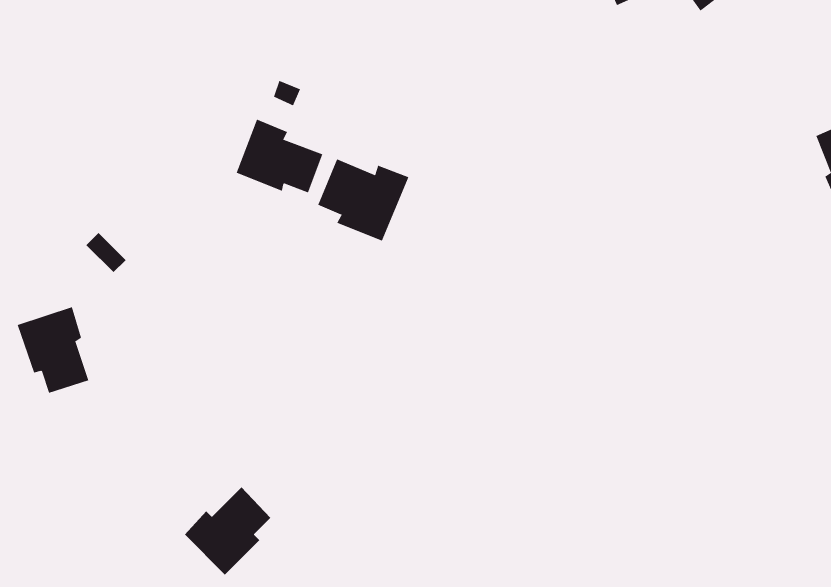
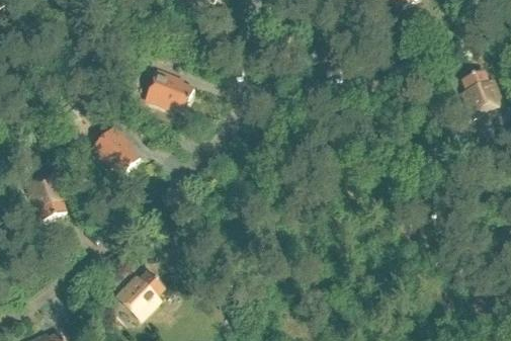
building: [317,158,409,242] -> none
building: none -> [91,124,139,173]

